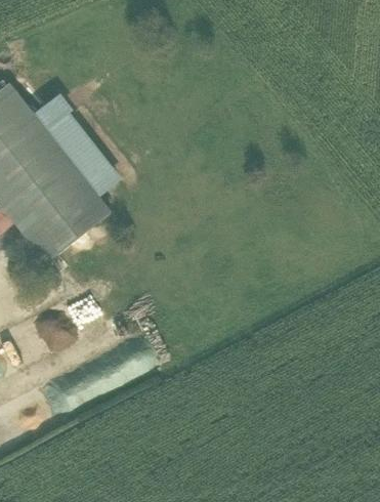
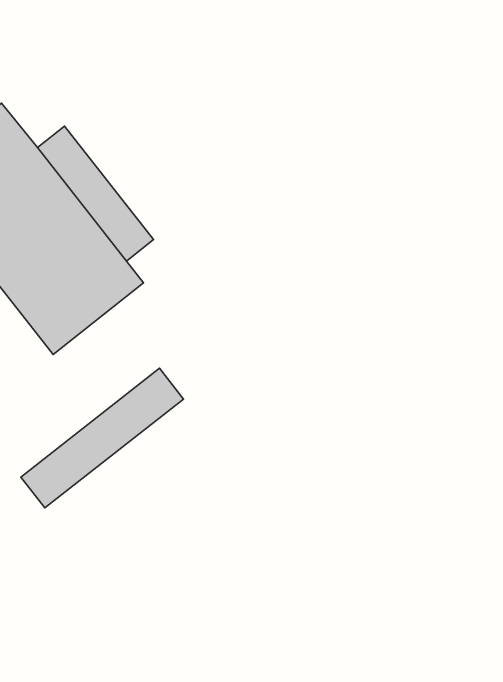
building: none -> [21,368,183,508]

